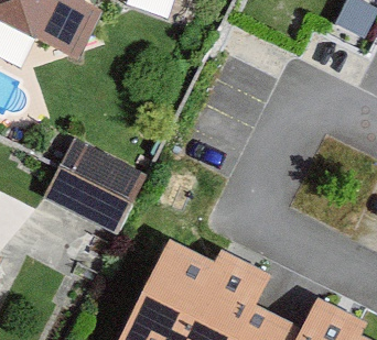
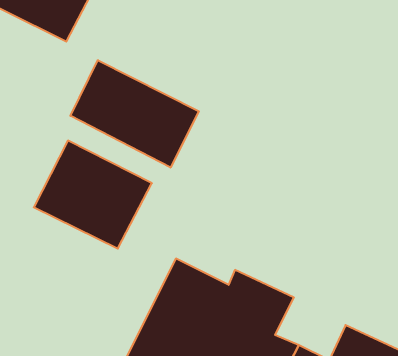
building: none -> [70,60,199,168]

